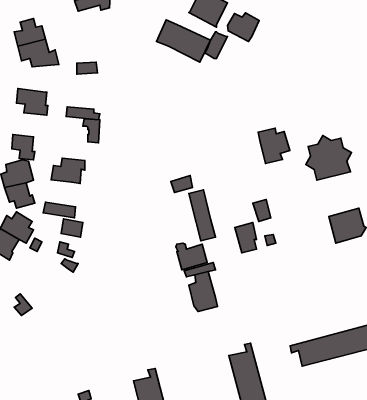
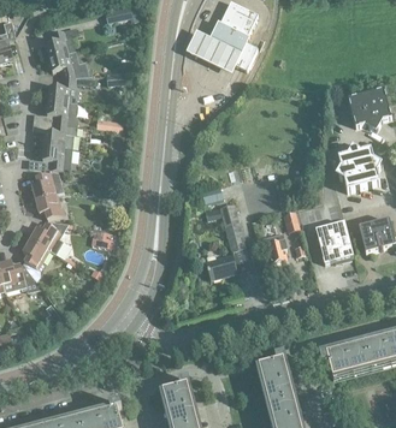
building: [228,13,259,41] -> none
building: none -> [47,75,76,101]
building: none -> [347,85,390,129]
building: [258,128,290,164] -> none
building: [51,158,85,184] -> [42,121,76,147]
building: none -> [314,219,353,261]
building: [189,272,217,312] -> none

